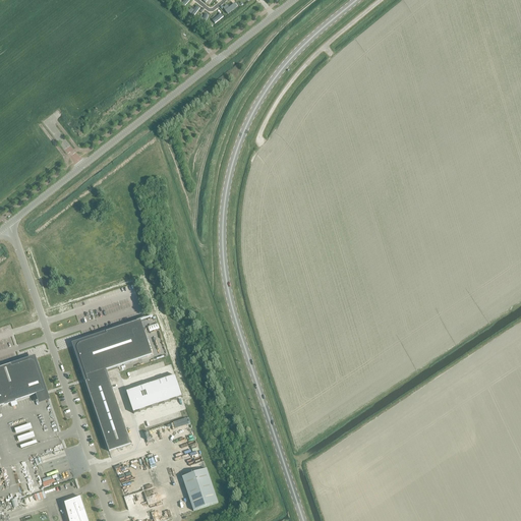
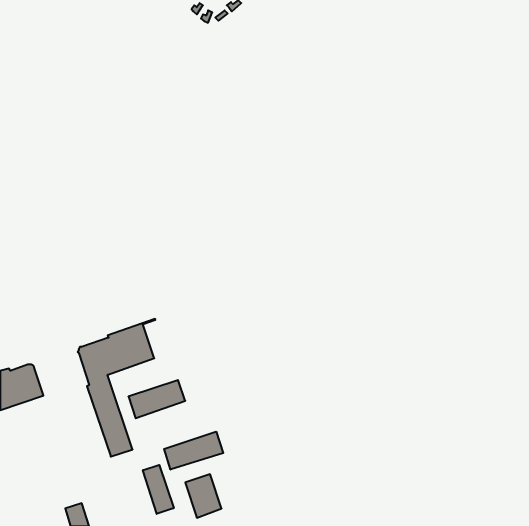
building: none -> [164,432,223,470]
building: none -> [143,465,174,514]

